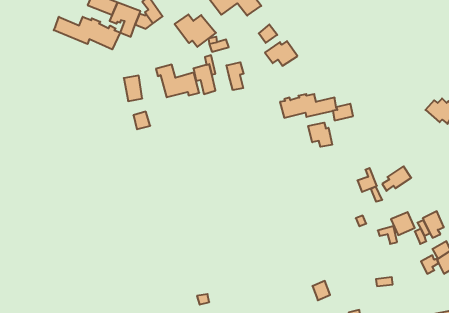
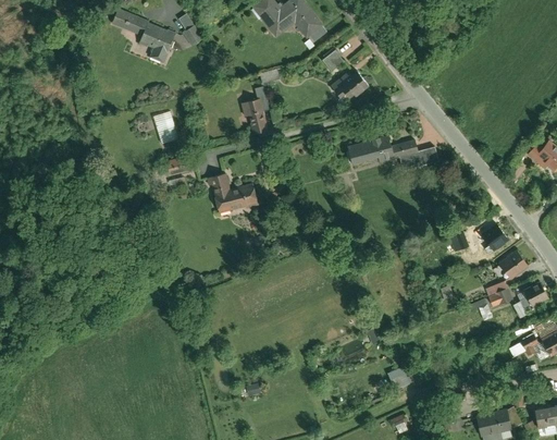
building: [175,14,216,47] -> none
building: [54,17,120,49] -> none
building: [226,62,244,90] -> none
building: [156,65,199,97] -> [206,173,259,213]
building: [308,123,332,147] -> none
building: none -> [498,249,529,280]

